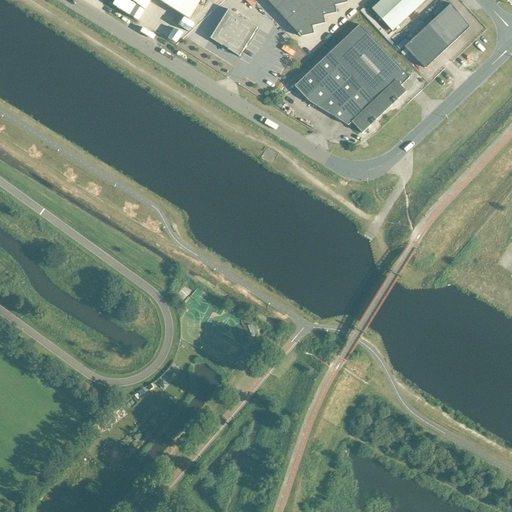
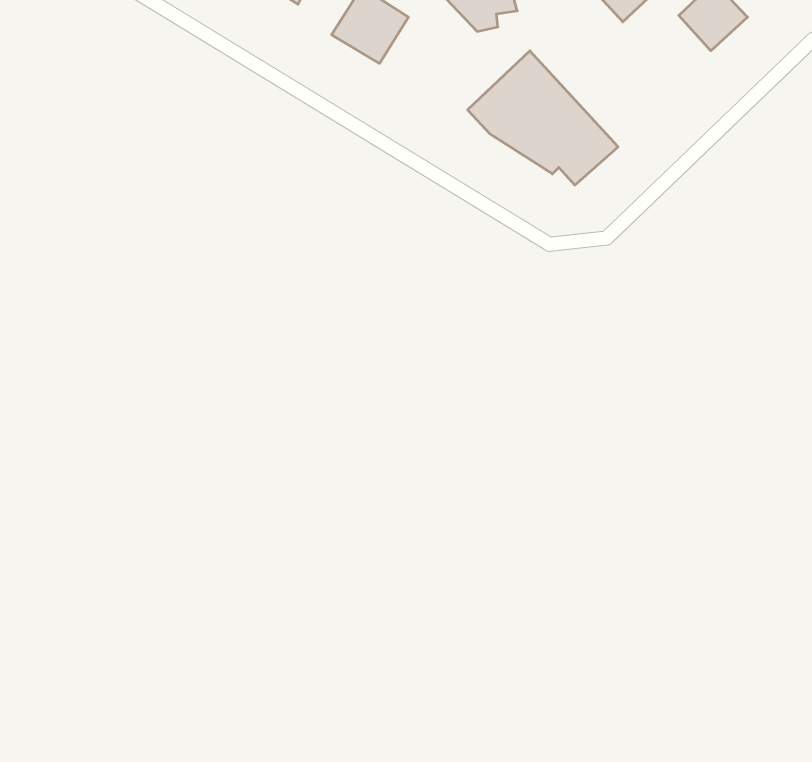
building: [333,23,409,107] -> none
building: [404,25,446,67] -> none

